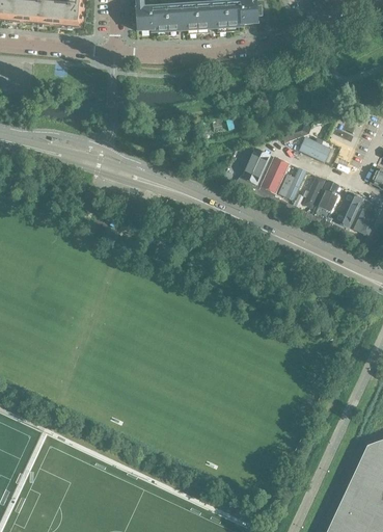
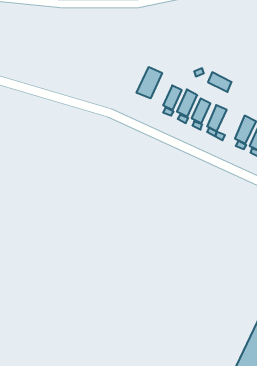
building: none -> [137,67,162,98]
building: [316,180,343,214] -> none

